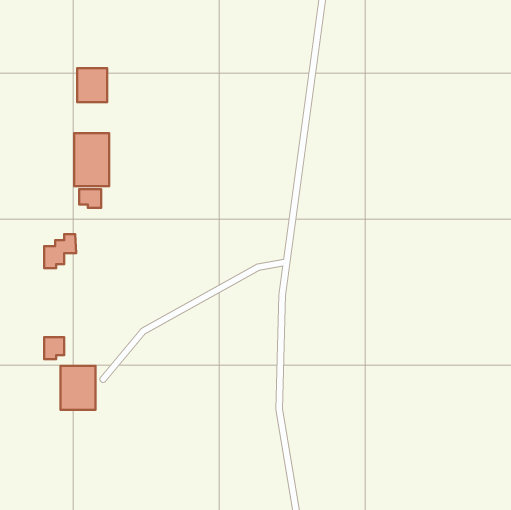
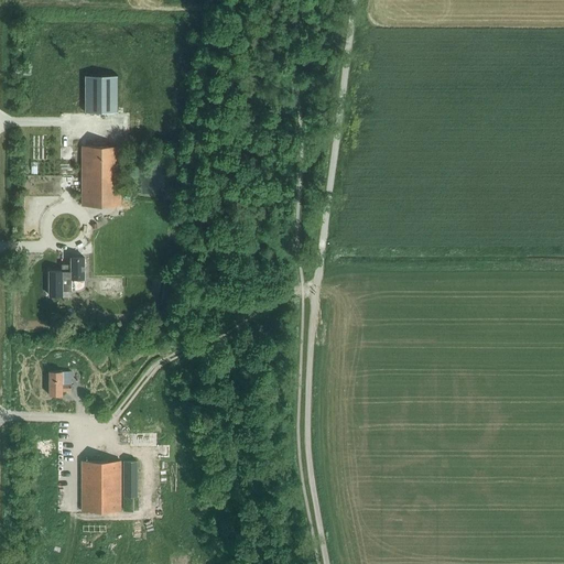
building: [79,189,101,208] -> none
building: [61,366,96,410] -> [82,463,120,511]

